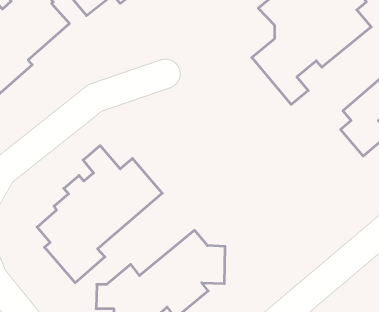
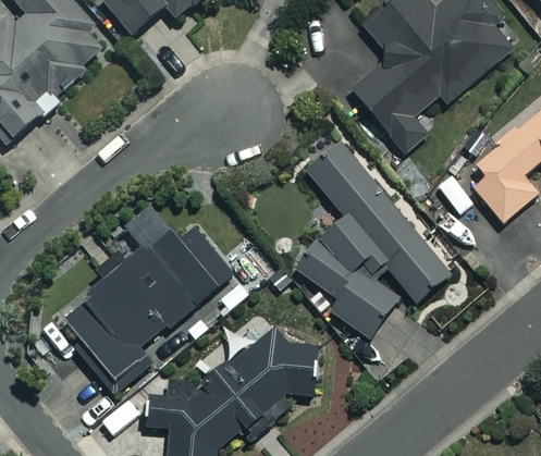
building: none -> [295,143,450,335]

